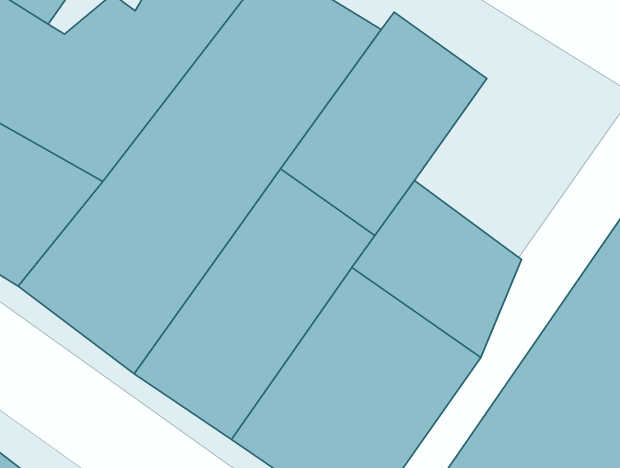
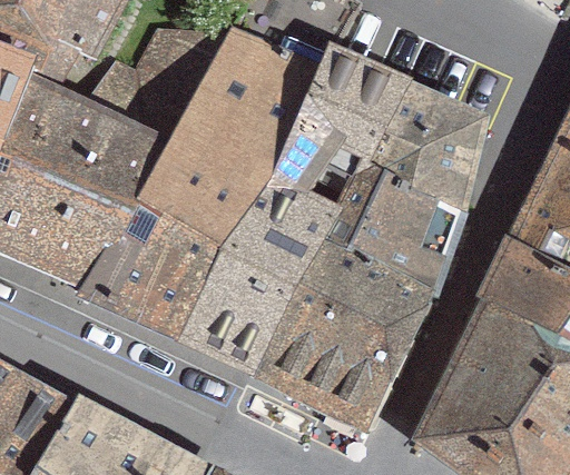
building: none -> [372,82,489,214]

